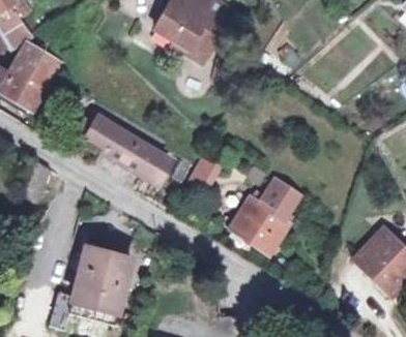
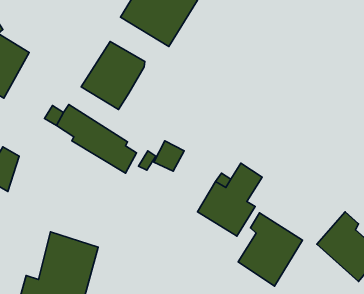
building: none -> [81,41,145,109]
building: none -> [238,213,303,286]

